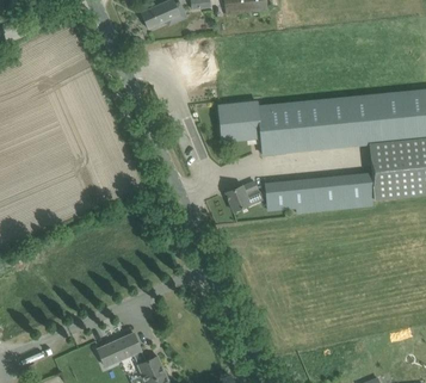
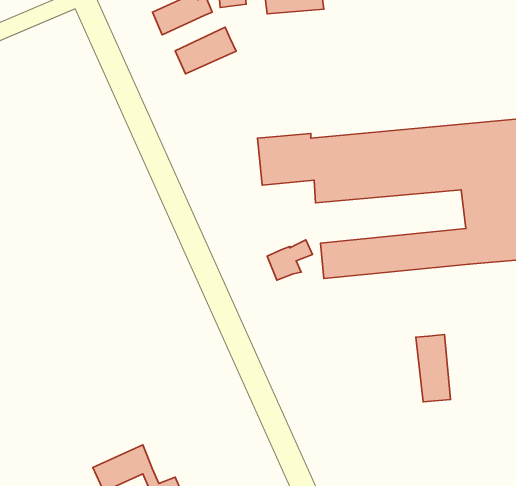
building: none -> [175,27,236,74]
building: none -> [416,335,450,402]

